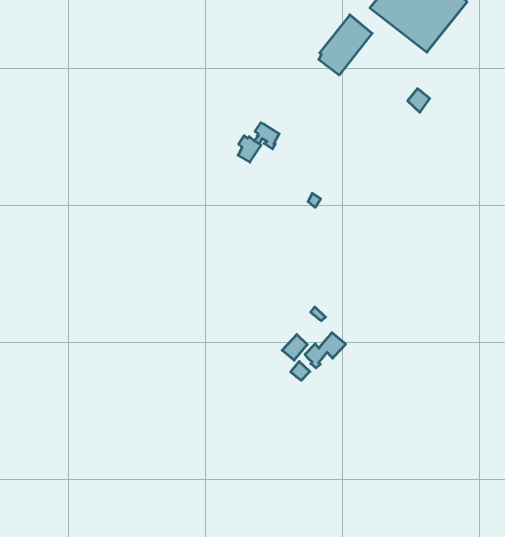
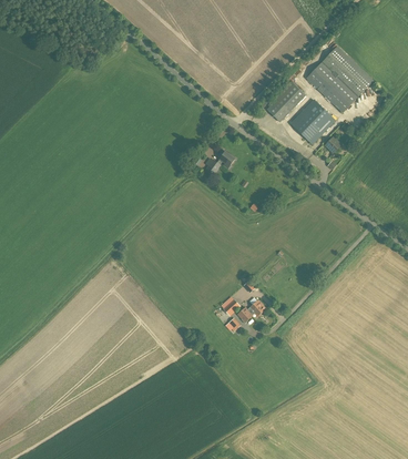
building: none -> [289,101,334,145]

